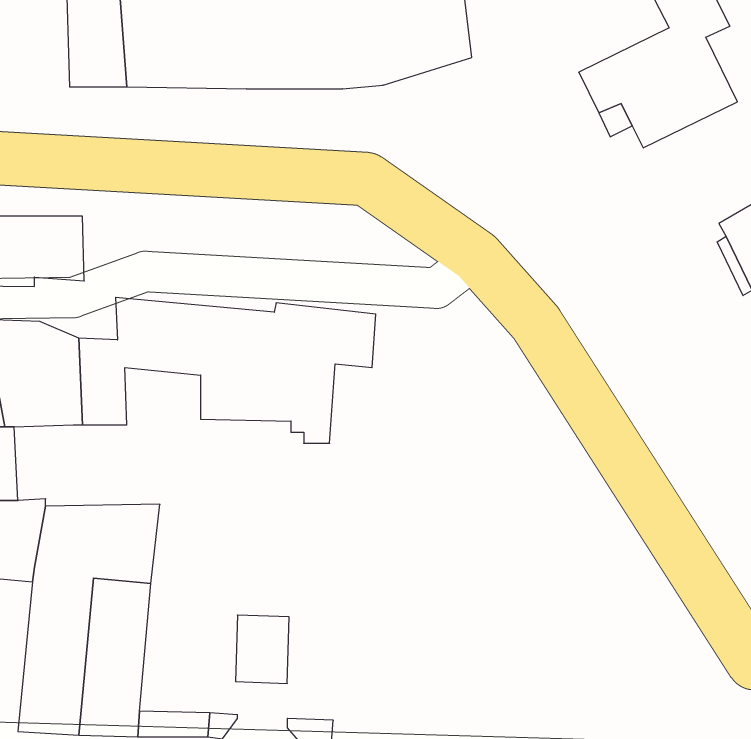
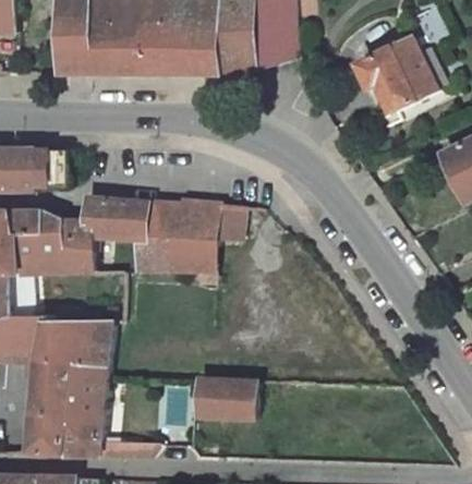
building: none -> [195,378,254,419]

